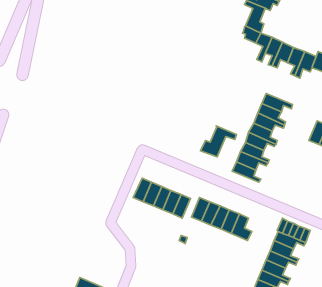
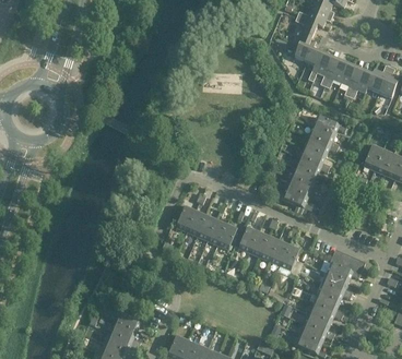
building: [200,126,237,157] -> none

